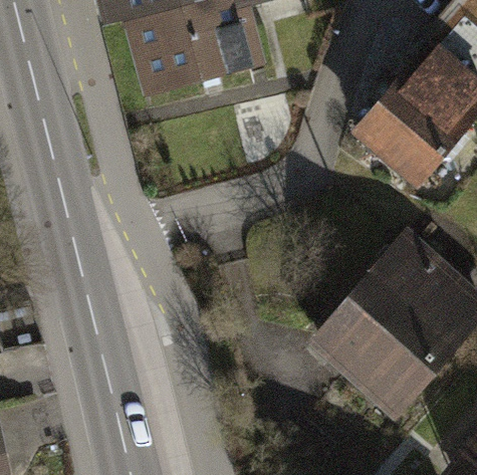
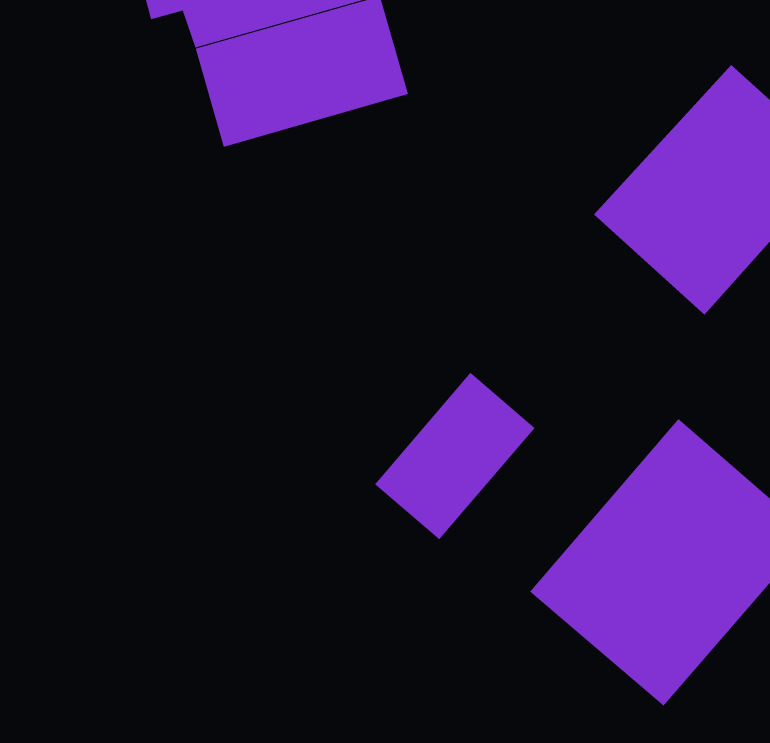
building: none -> [374,372,536,540]

